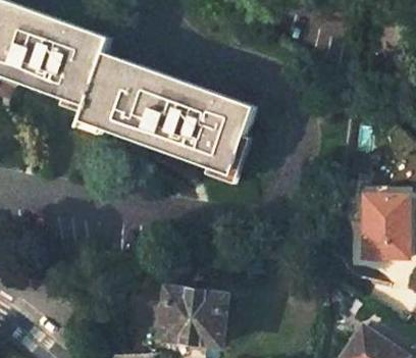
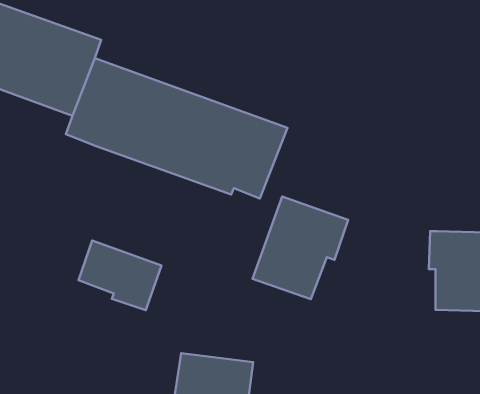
building: none -> [252,197,348,299]
building: none -> [78,240,162,310]

